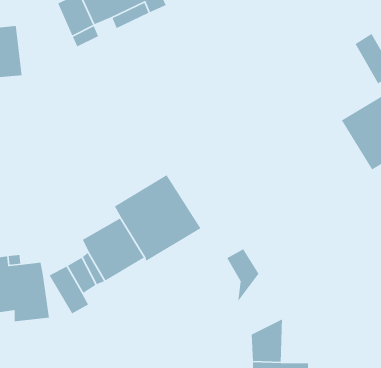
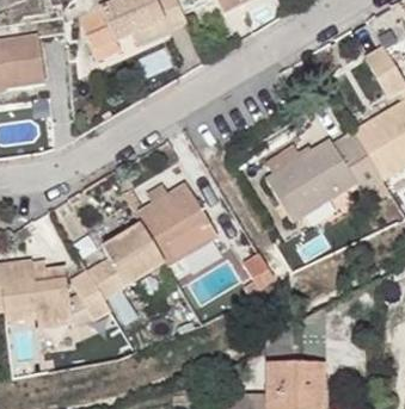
building: none -> [268,129,385,219]

